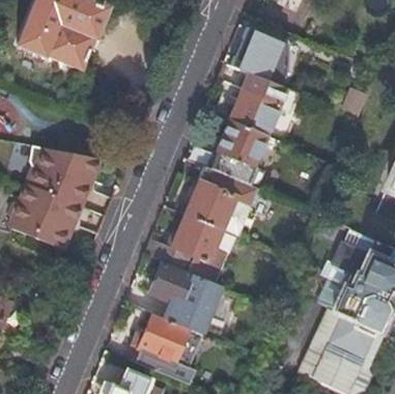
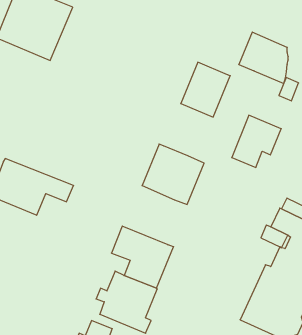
building: [231,28,288,87] -> [239,32,288,83]
building: [209,120,266,180] -> [232,115,281,167]
building: [27,146,113,215] -> none
building: [146,215,227,283] -> none

